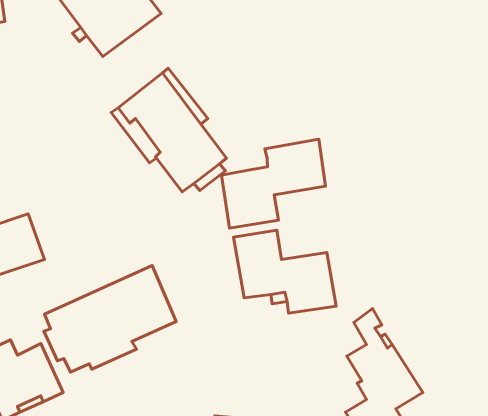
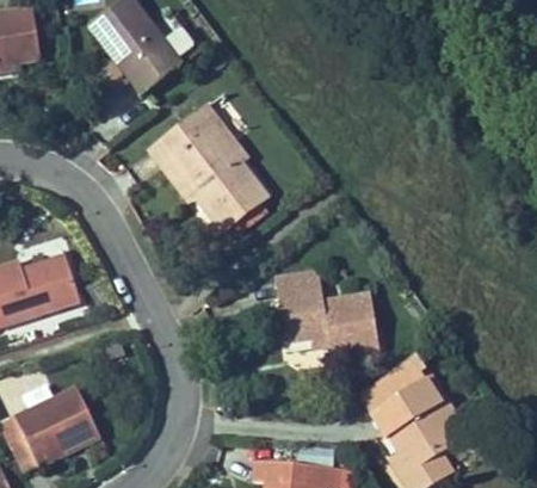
building: [222,139,326,228] -> none
building: [44,265,176,372] -> none
building: none -> [359,365,411,450]

